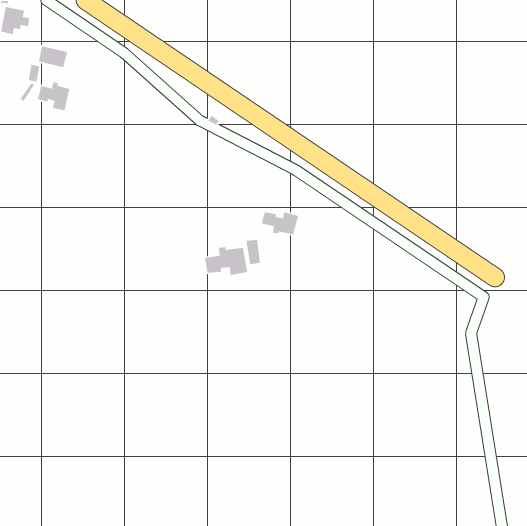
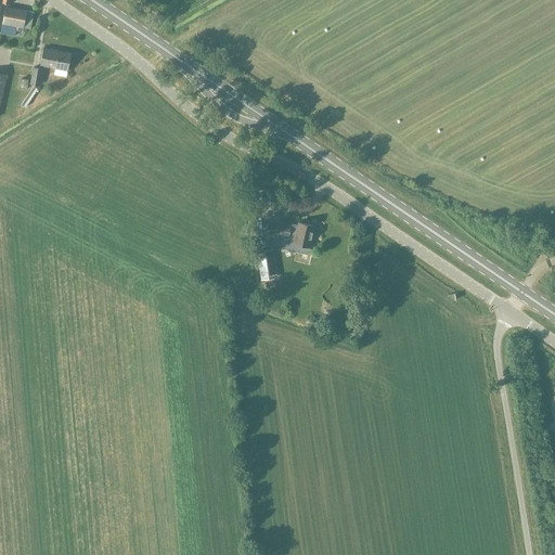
building: [37,81,70,111] -> none
building: [204,247,248,276] -> none

